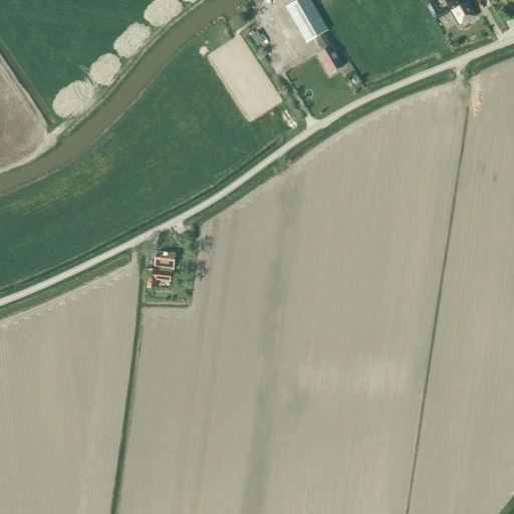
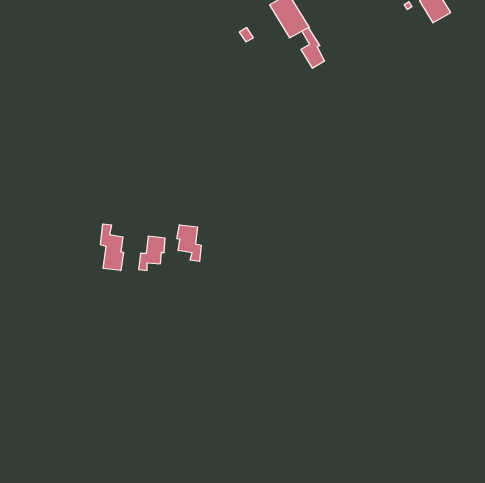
building: none -> [100,224,124,271]
building: none -> [177,225,201,261]

